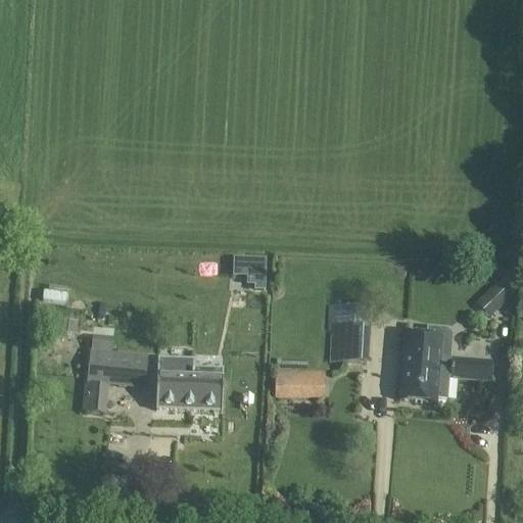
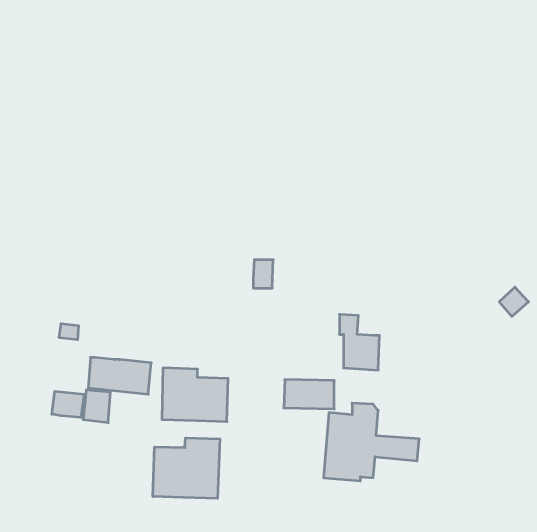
building: [399,325,492,400] -> [324,403,419,481]
building: none -> [52,391,84,417]
building: none -> [153,438,220,498]

